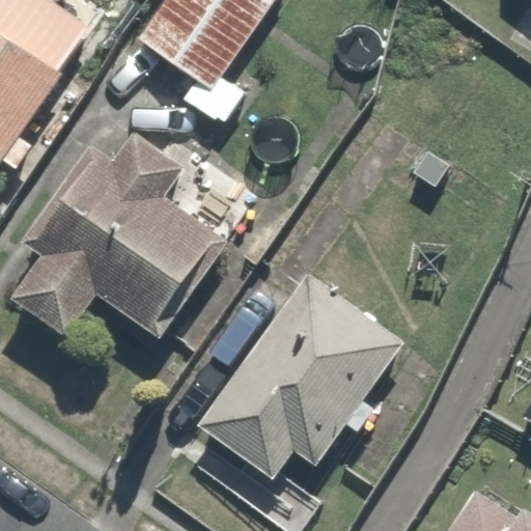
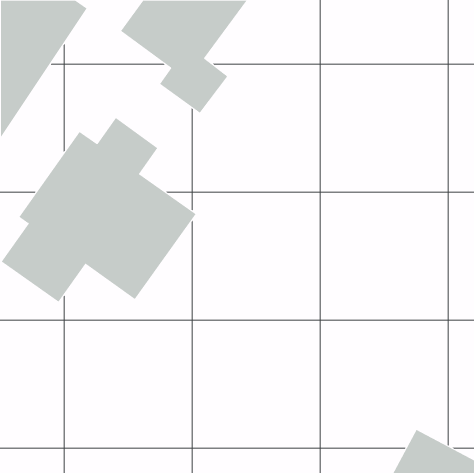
building: [198,273,400,477] -> none

